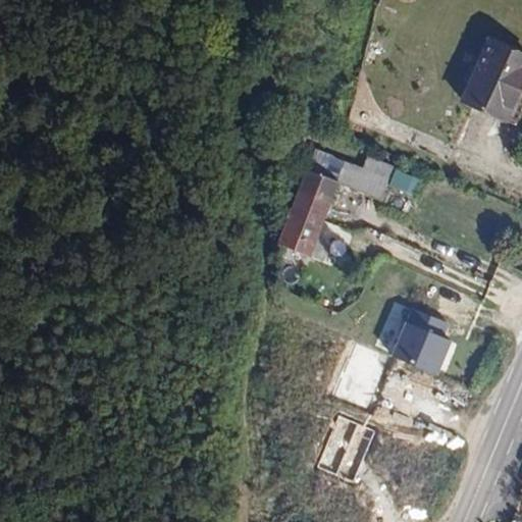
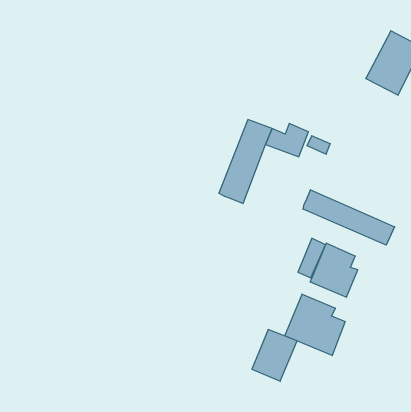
building: none -> [303,190,395,245]
building: none -> [285,294,345,356]

